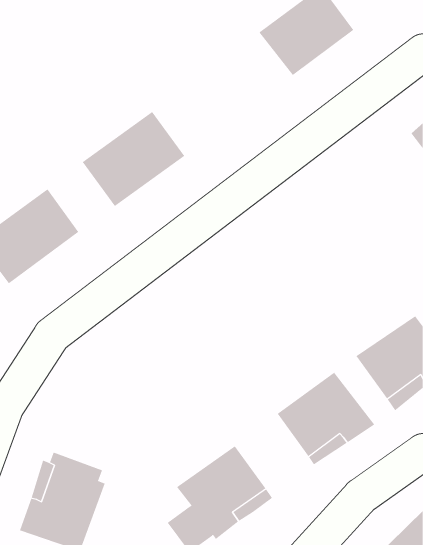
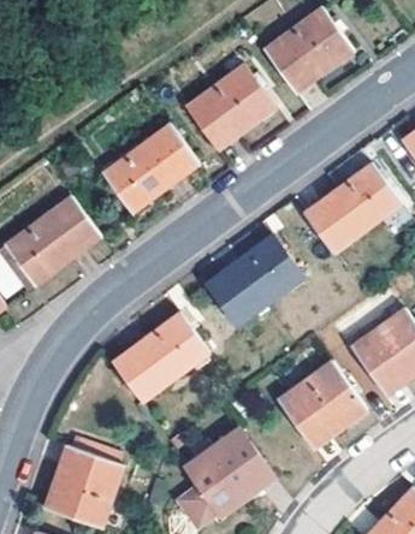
building: none -> [185,64,273,148]
building: none -> [304,166,401,254]
building: none -> [207,238,303,325]
building: none -> [113,314,209,402]

